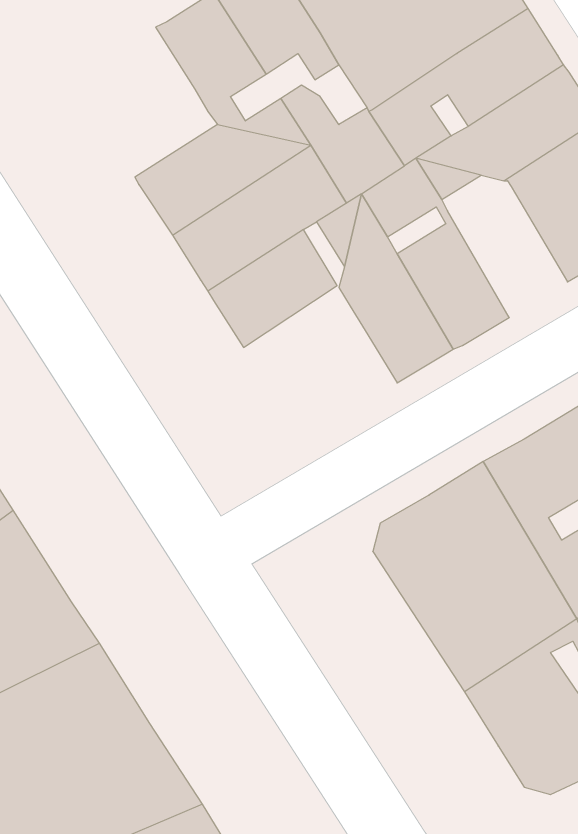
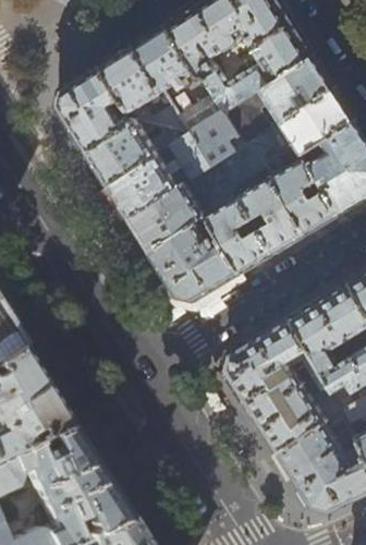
building: none -> [62,65,139,153]
building: none -> [273,158,343,234]
building: none -> [155,216,244,300]

